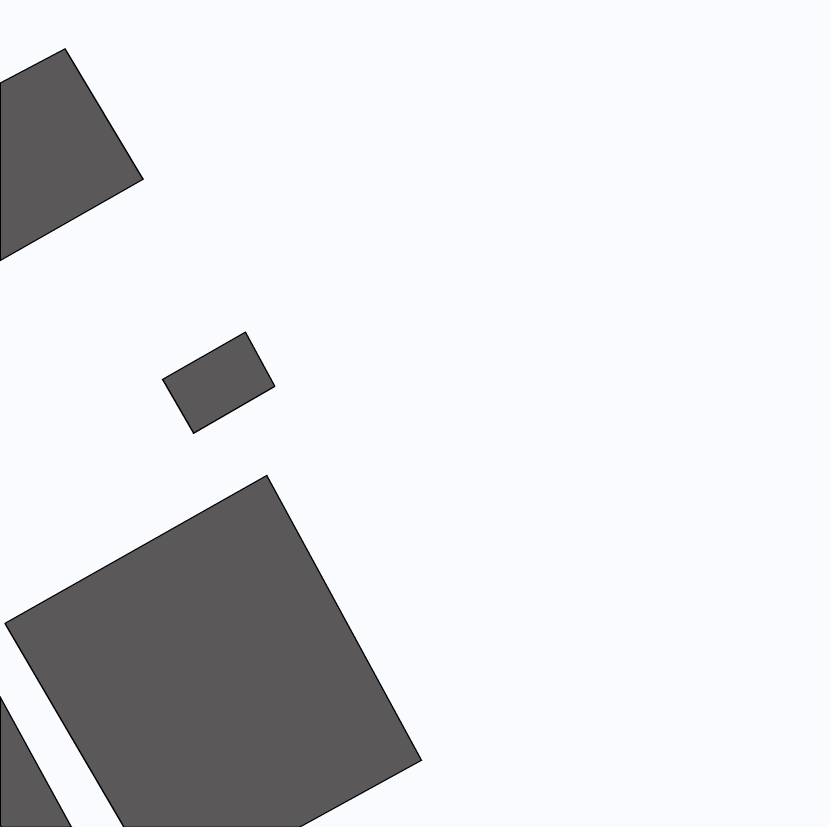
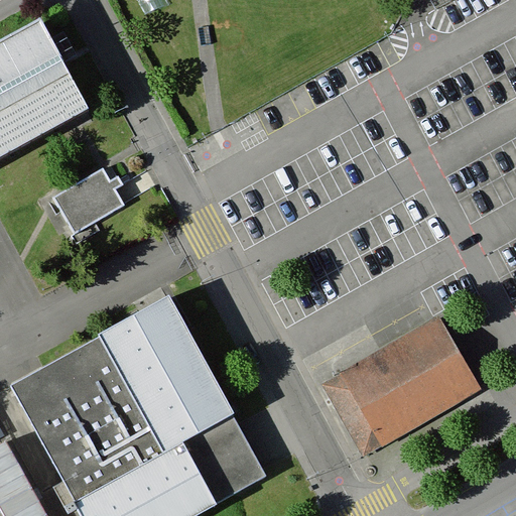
building: [162,332,275,433] -> [59,166,129,229]
building: none -> [321,320,481,458]

